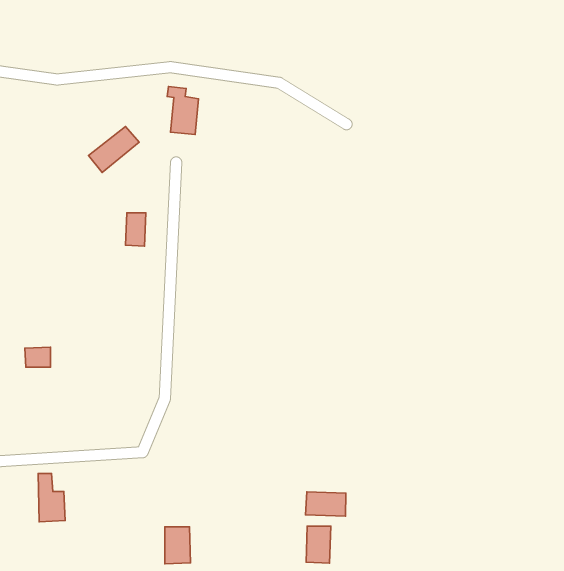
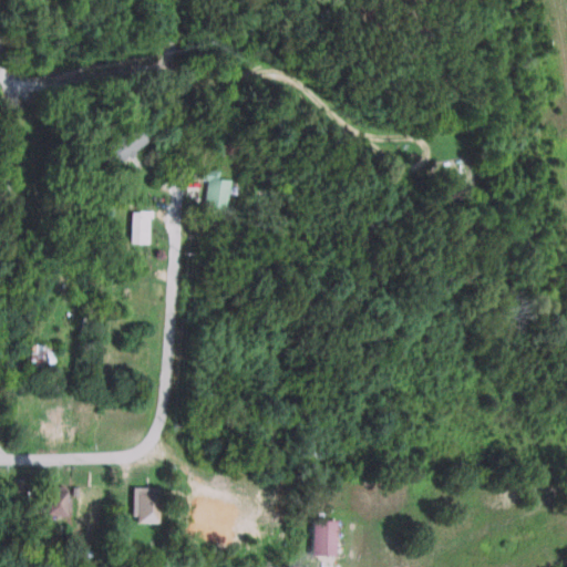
building: [167,86,199,135] -> [200,169,231,217]
building: [305,492,346,516] -> none
building: [165,527,190,564] -> [135,488,161,525]

